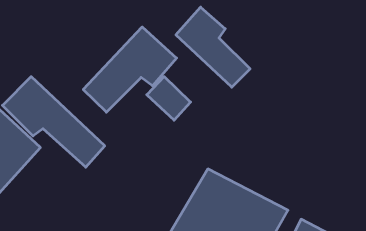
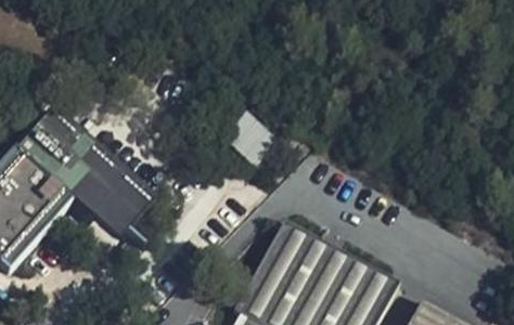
building: [176,7,250,87] -> none
building: [83,27,177,112] -> none

